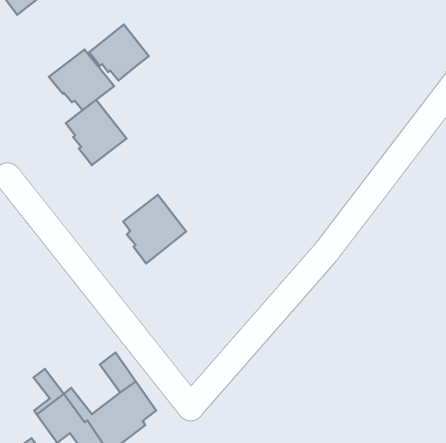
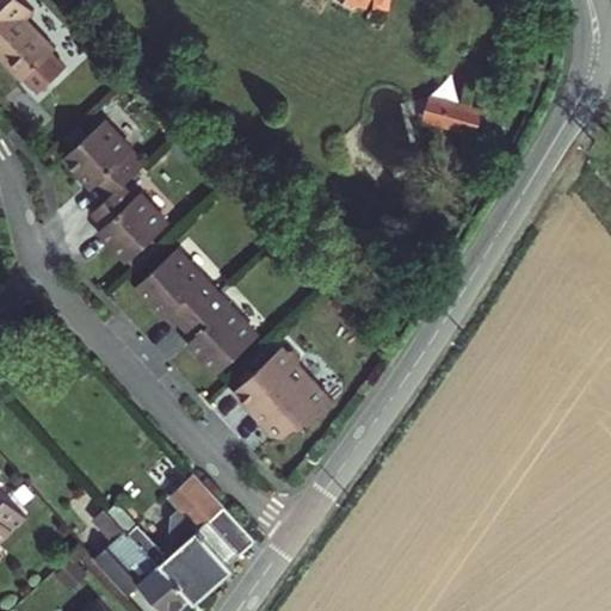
building: [89,25,149,80] -> none
building: none -> [422,100,487,146]
building: none -> [132,242,218,322]
building: none -> [232,341,332,432]

